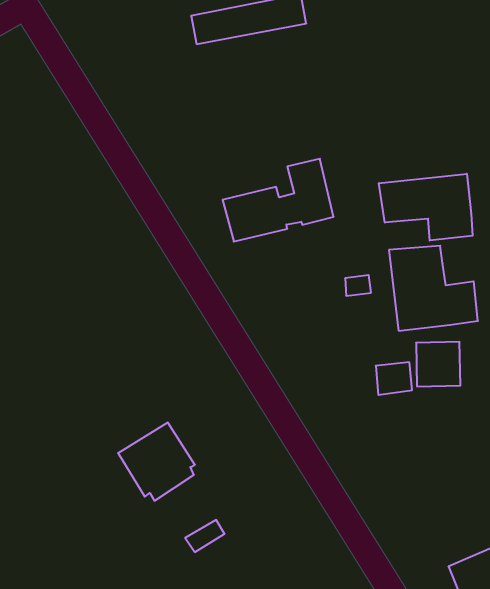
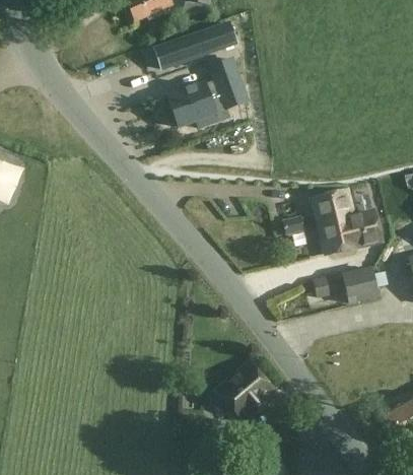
building: [223,159,334,242] -> [167,60,247,125]
building: [379,174,473,241] -> none
building: [118,423,195,501] -> [216,364,271,420]

